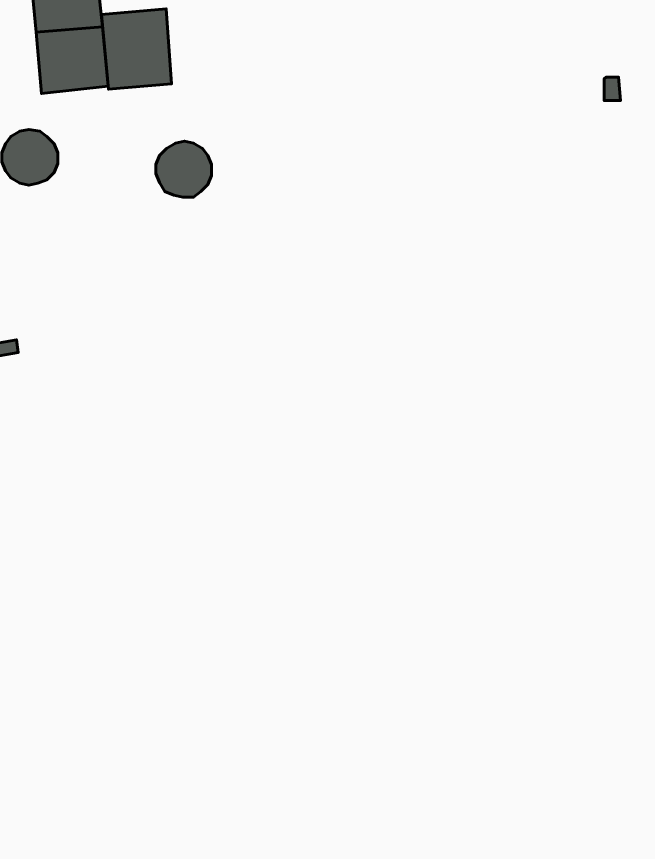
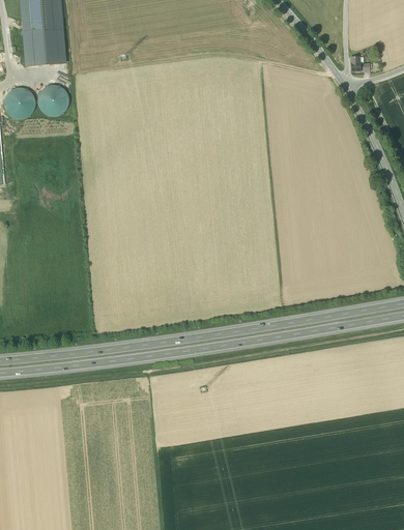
building: [101,9,171,89] -> none
building: [156,141,211,197] -> [37,84,69,116]

